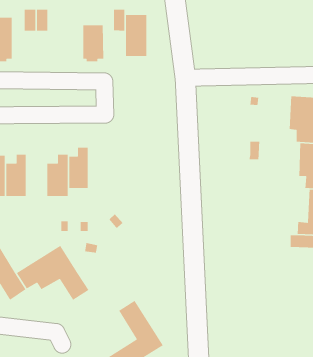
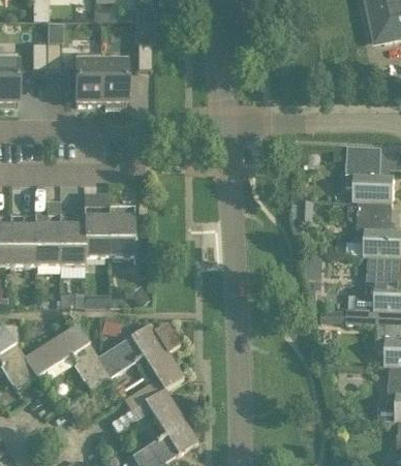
building: [125,14,147,57] -> [75,53,101,103]
building: none -> [35,201,59,266]
building: none -> [109,207,134,256]
building: none -> [96,320,182,387]

